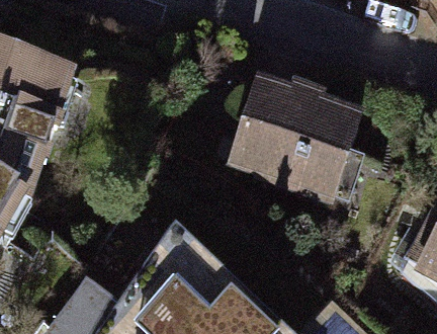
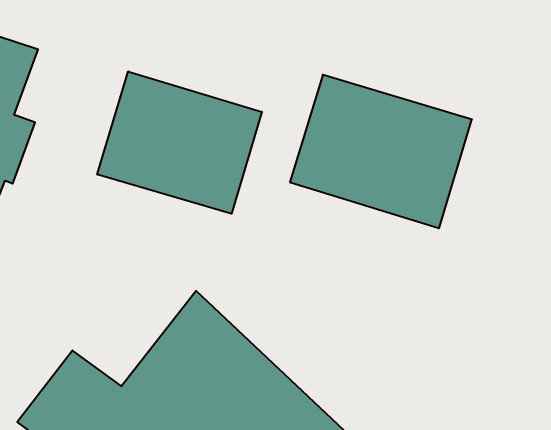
building: none -> [97,71,262,214]

